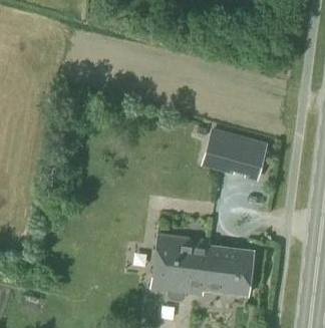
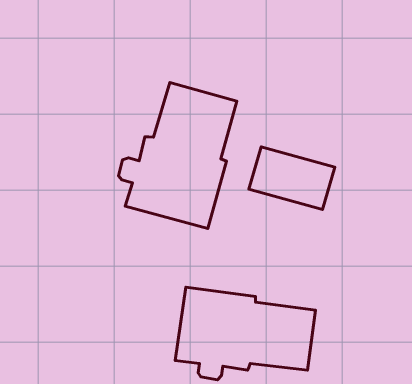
building: none -> [119,83,237,228]

